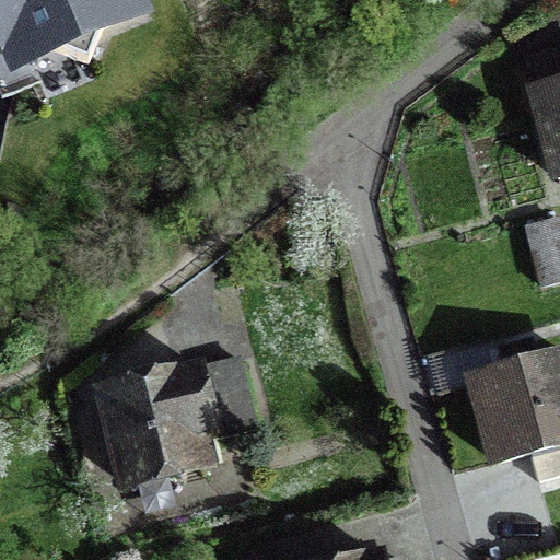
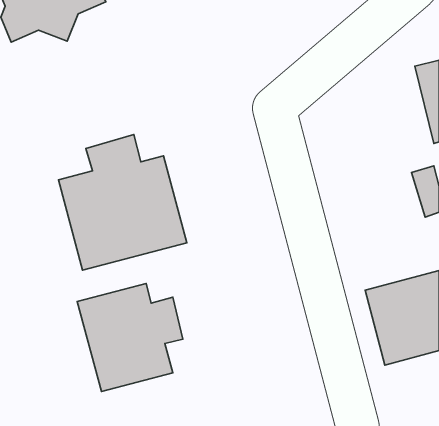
building: none -> [59,135,187,270]

